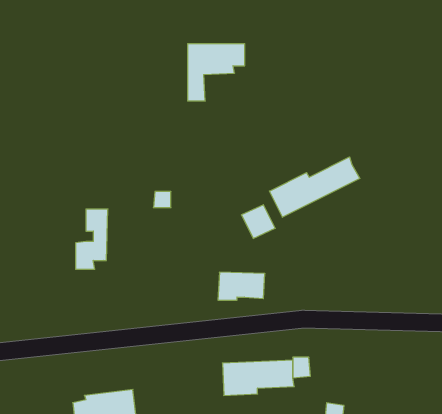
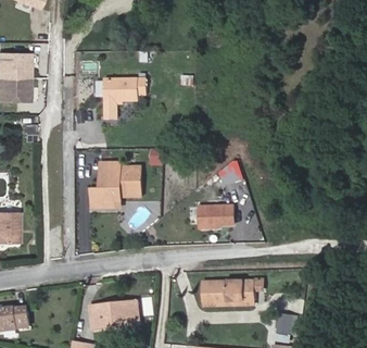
building: [188,44,245,101] -> [105,82,148,124]
building: [269,157,360,217] -> none
building: none -> [117,166,143,204]

